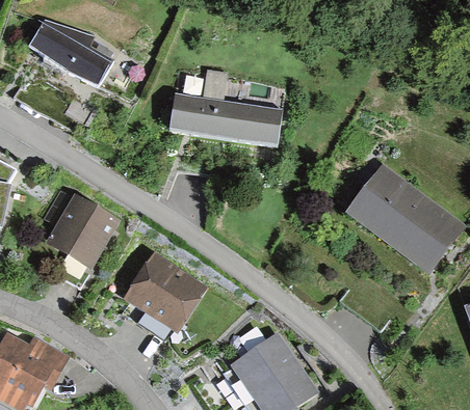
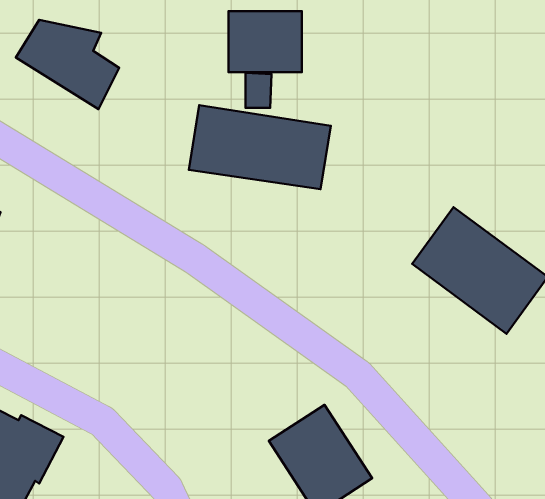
building: none -> [228,11,302,72]
building: [50,192,115,265] -> none
building: [126,250,200,326] -> none

